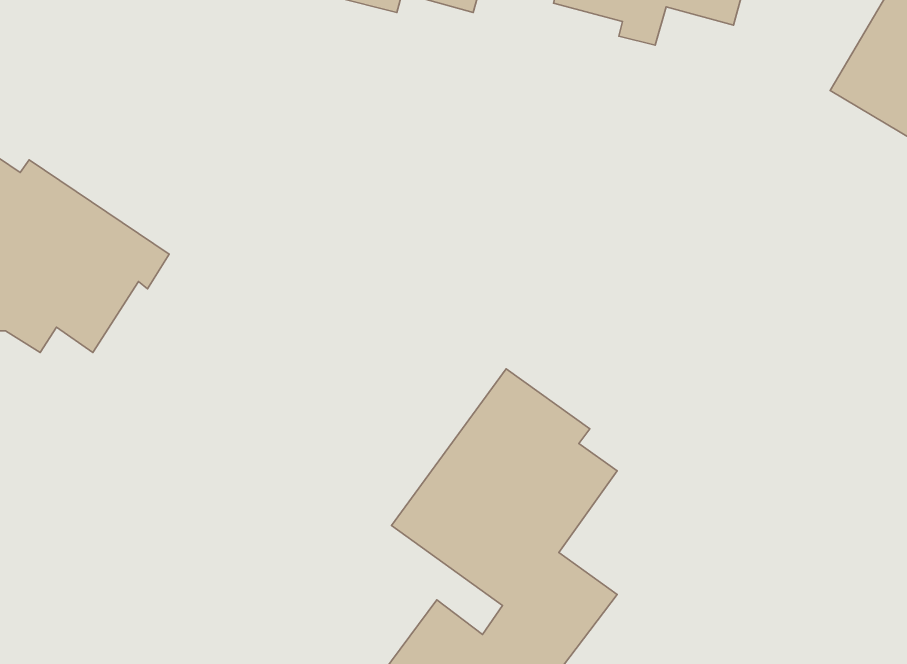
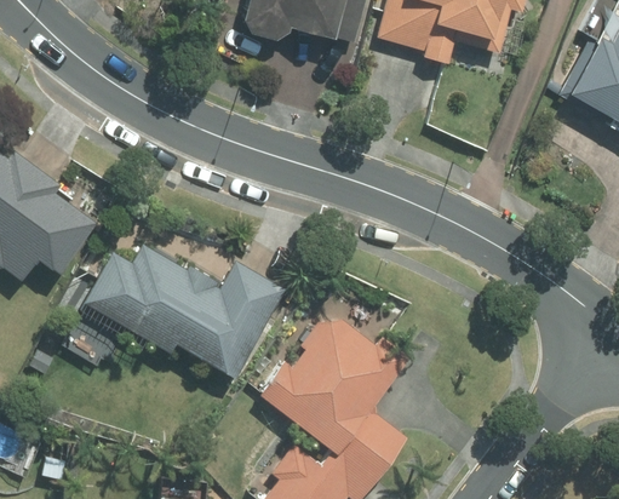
building: none -> [91,239,292,372]

